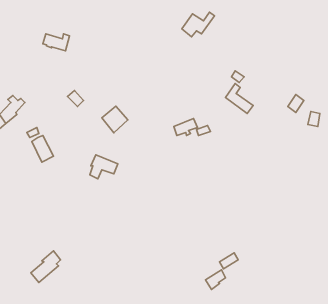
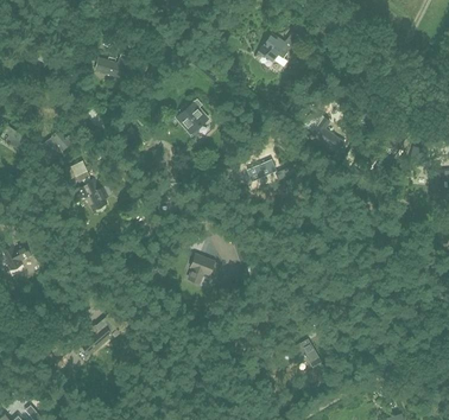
building: [102,106,128,133] -> [176,102,207,134]
building: [90,155,118,179] -> [186,253,220,281]

